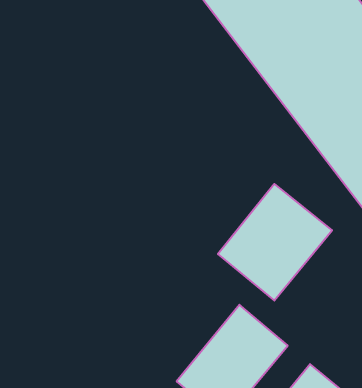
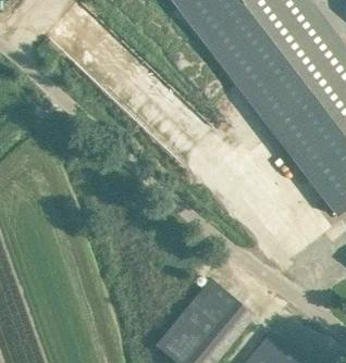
building: [218,184,332,301] -> none

